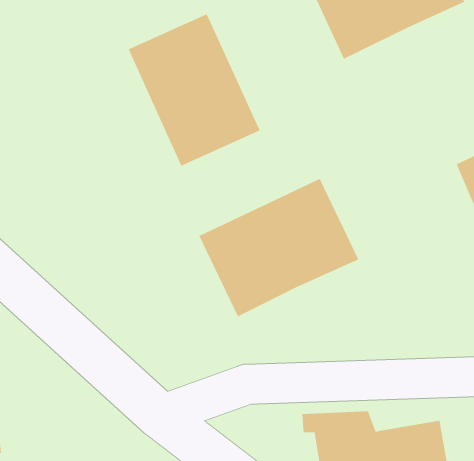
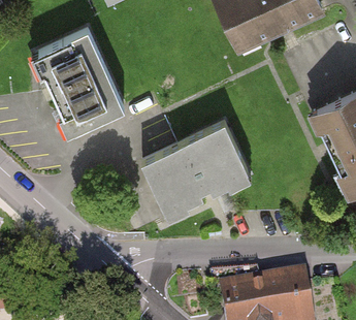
building: [128,13,260,166] -> [36,30,124,131]

